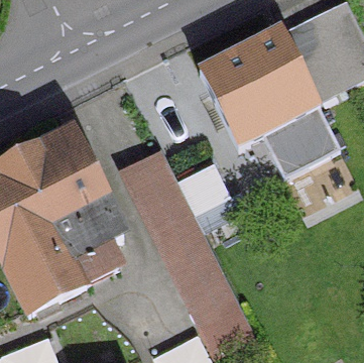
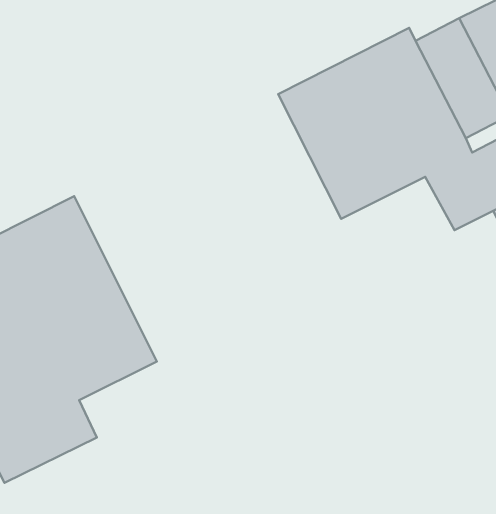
building: [122,152,237,326] -> none

